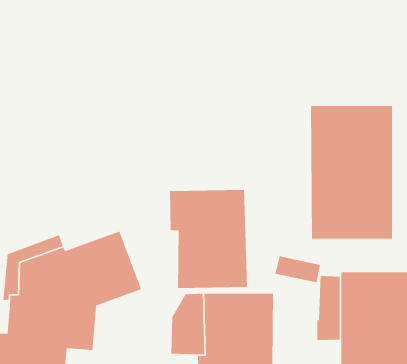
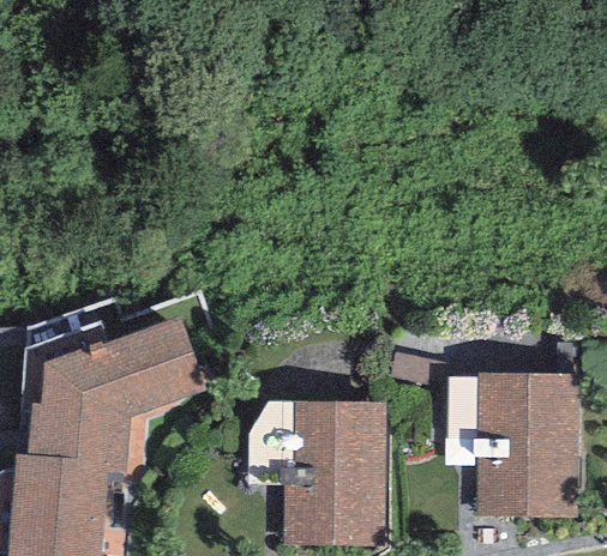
building: [310,105,393,240] -> none
building: [169,189,248,289] -> none

